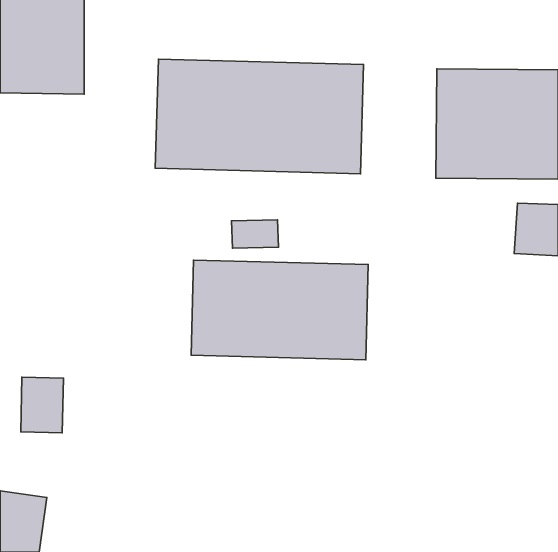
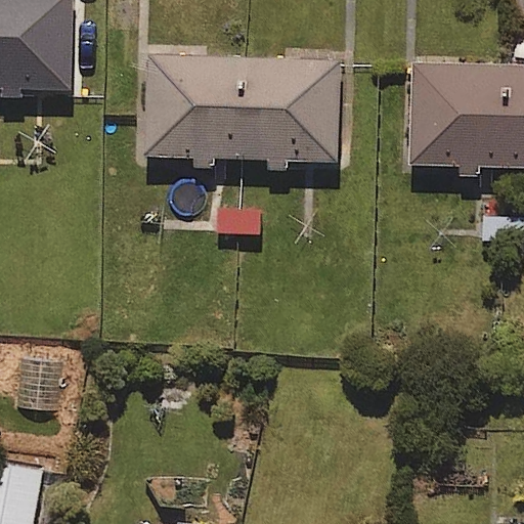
building: [191,260,368,360] -> none

